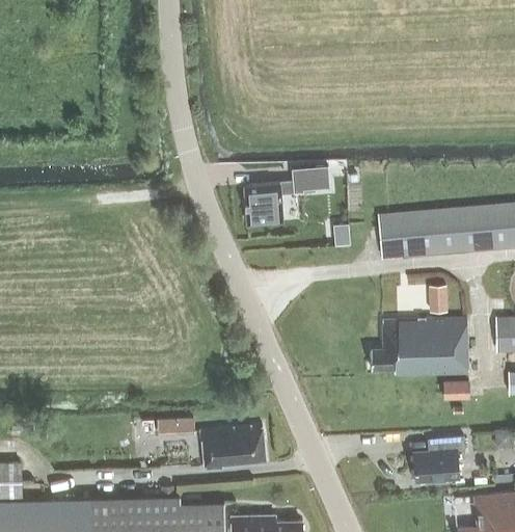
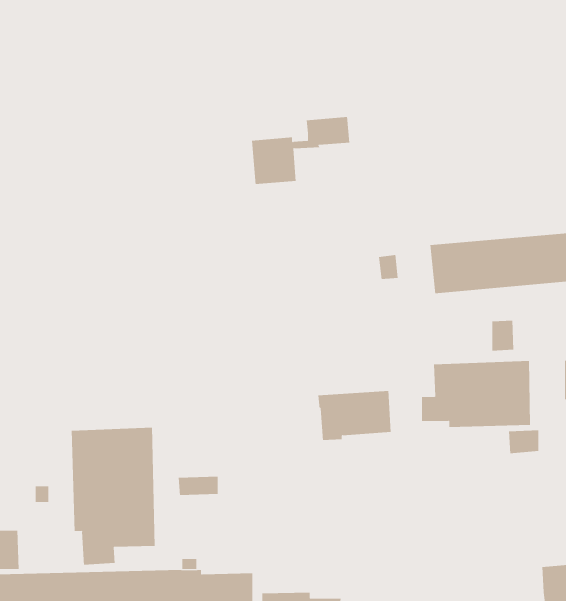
building: [243,166,329,225] -> [251,117,350,185]
building: none -> [71,427,155,565]
building: [199,425,264,469] -> [317,390,391,441]
building: [413,435,465,482] -> none

